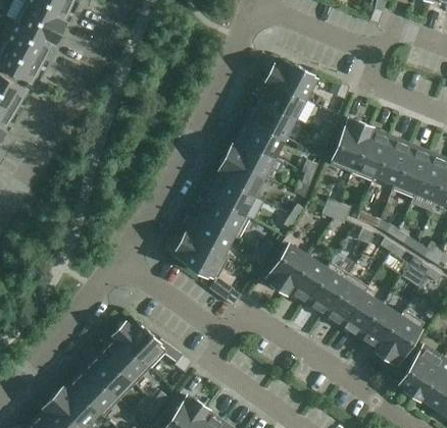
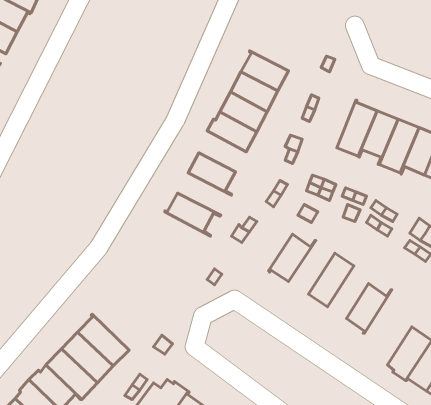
building: [266,60,315,99] -> none
building: [330,121,369,173] -> none
building: [217,157,263,197] -> none
building: [197,198,249,238] -> none
building: [176,235,229,279] -> none
building: [266,245,308,292] -> none
building: [304,263,349,315] -> none
building: [342,287,382,338] -> none
building: [378,311,424,363] -> none
building: [114,319,166,369] -> none

